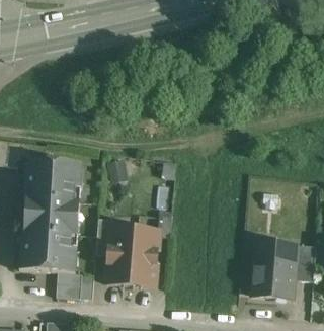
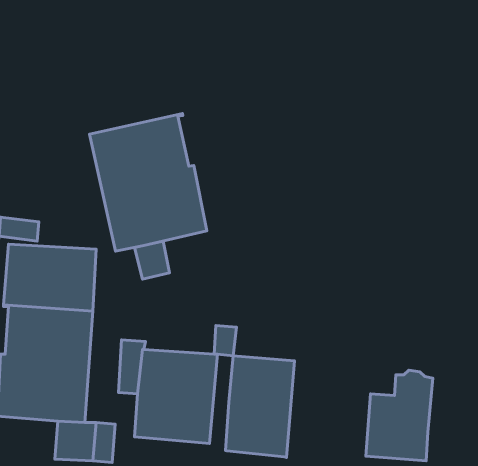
building: none -> [90,114,207,251]
building: none -> [226,356,295,457]
building: [292,245,315,281] -> none

